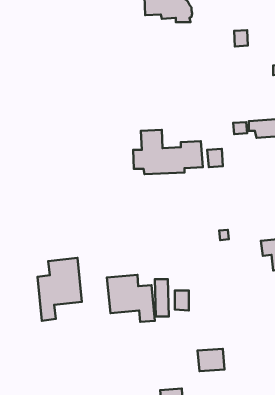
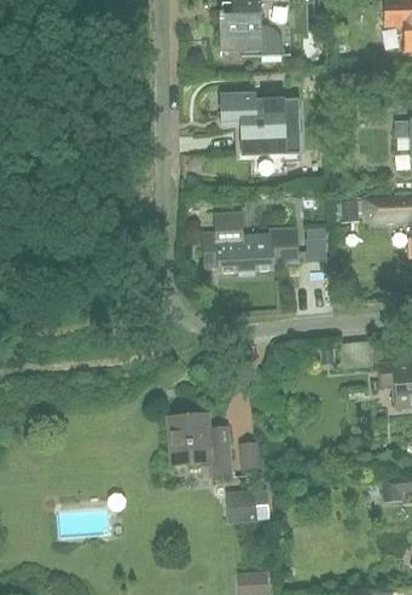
building: none -> [221,93,297,165]
building: [37,258,82,321] -> none
building: [198,349,225,371] -> [232,490,269,521]

